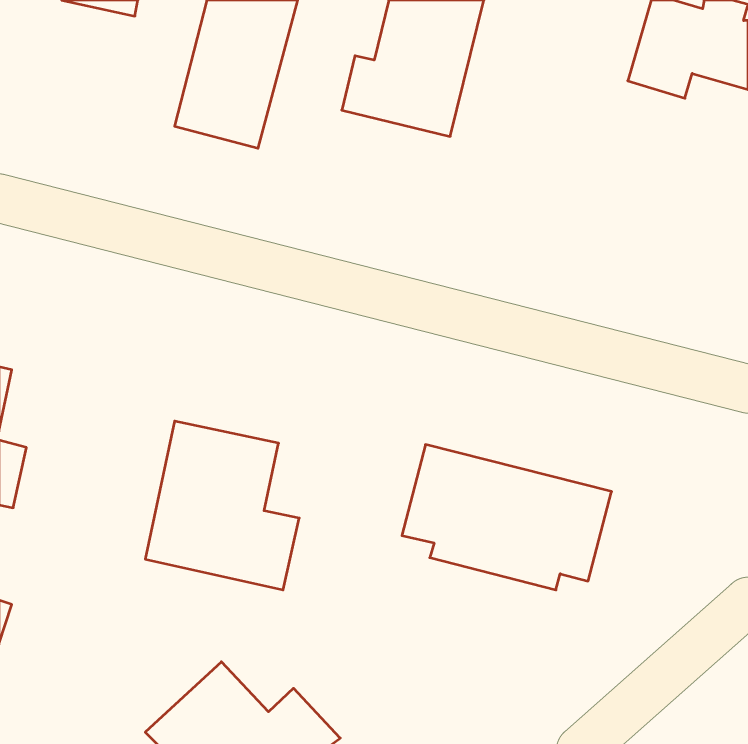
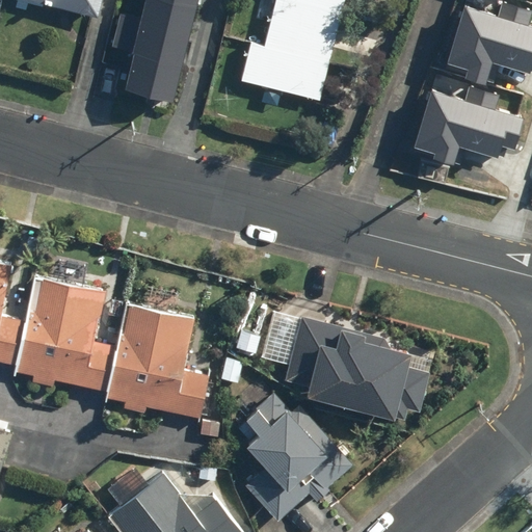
building: none -> [413,81,523,156]
building: none -> [14,278,111,392]
building: none -> [238,391,351,518]

